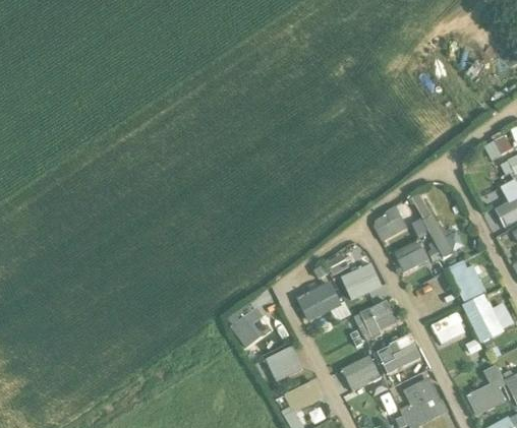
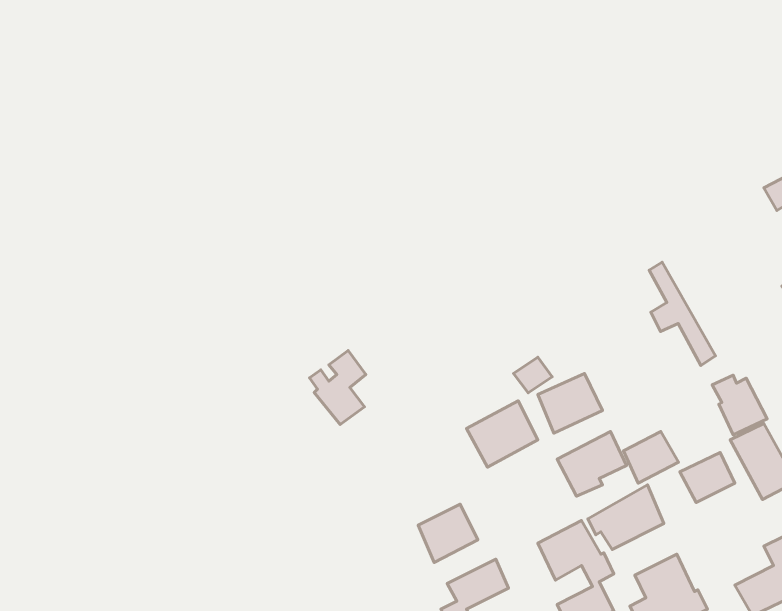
building: [374,205,407,241] -> none
building: [395,240,429,272] -> [624,431,679,483]
building: [227,300,263,347] -> [309,350,366,425]

